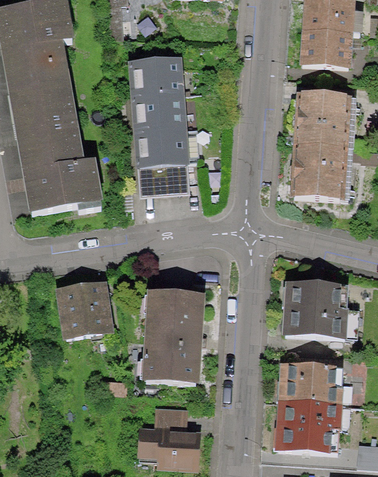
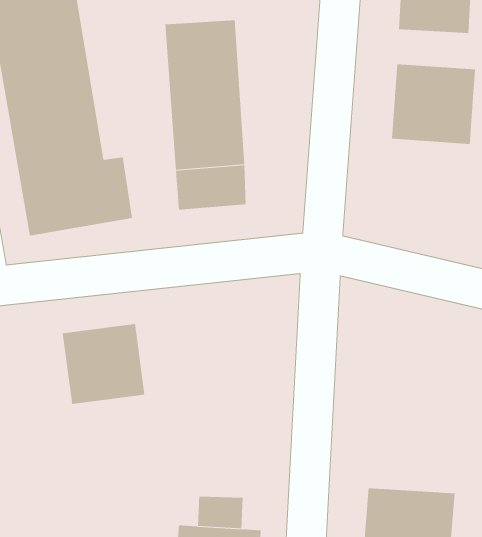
building: [292,145,353,202] -> none
building: [283,281,351,339] -> none
building: [141,291,205,385] -> none
building: [278,363,344,404] -> none

